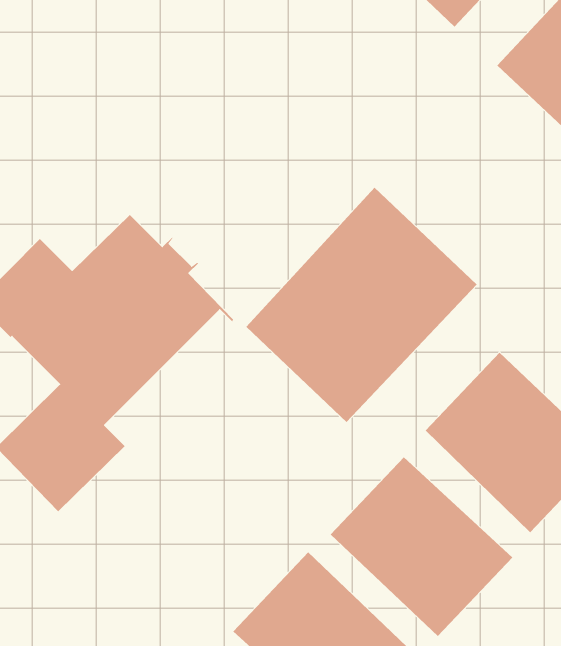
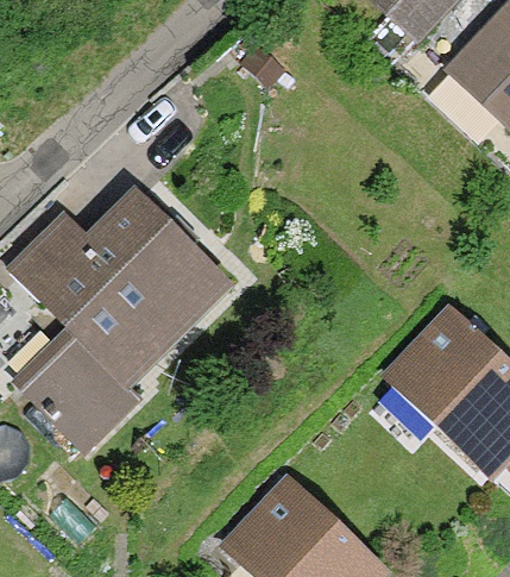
building: [245,187,477,423] -> none
building: [330,457,513,637] -> none

